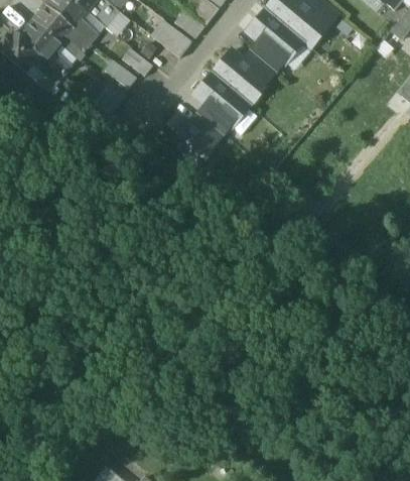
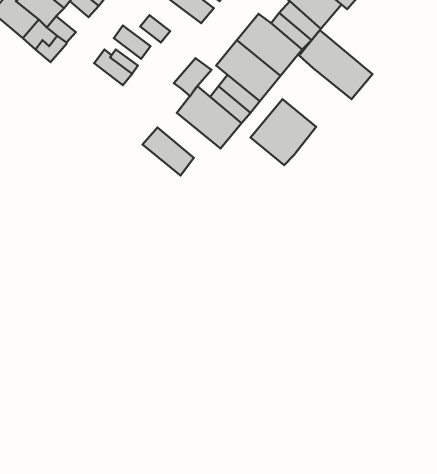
building: none -> [299,30,372,99]
building: none -> [174,58,211,96]
building: none -> [250,99,316,165]
building: none -> [143,128,194,176]

